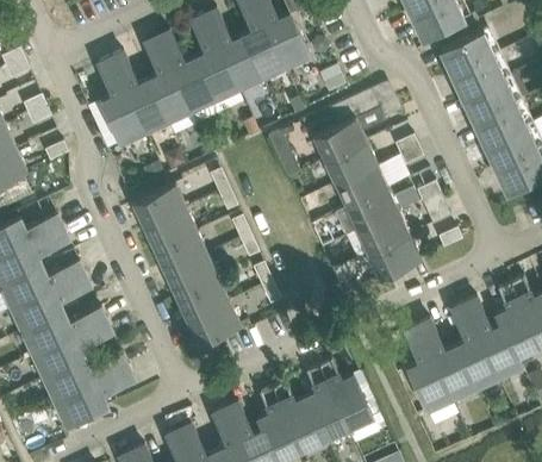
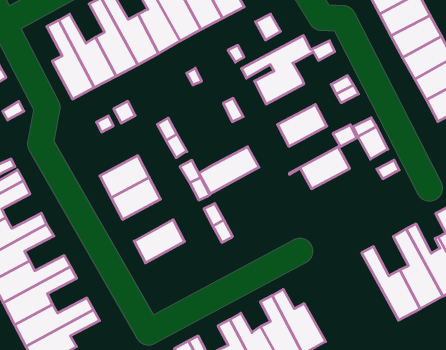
building: [325,143,378,185] -> none
building: [132,185,186,227] -> none
building: [335,189,399,237] -> [199,147,259,194]
building: [368,236,422,280] -> none
building: [166,256,219,299] -> none
building: [187,302,241,346] -> none
building: [404,326,451,411] -> none

